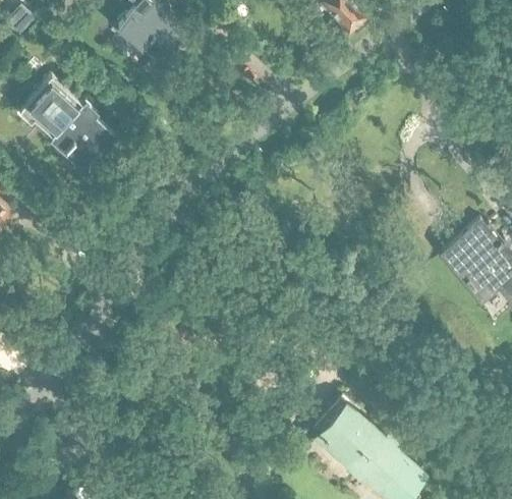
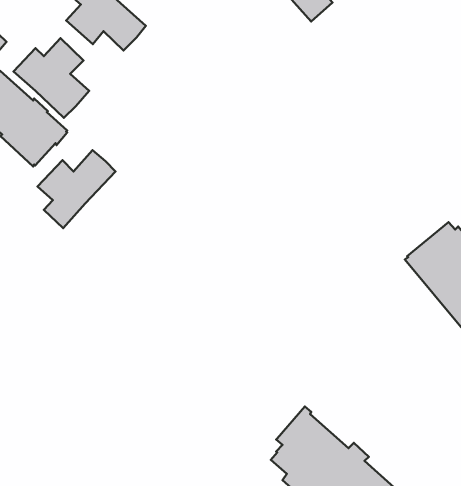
building: none -> [14,38,89,118]
building: none -> [38,150,115,228]

